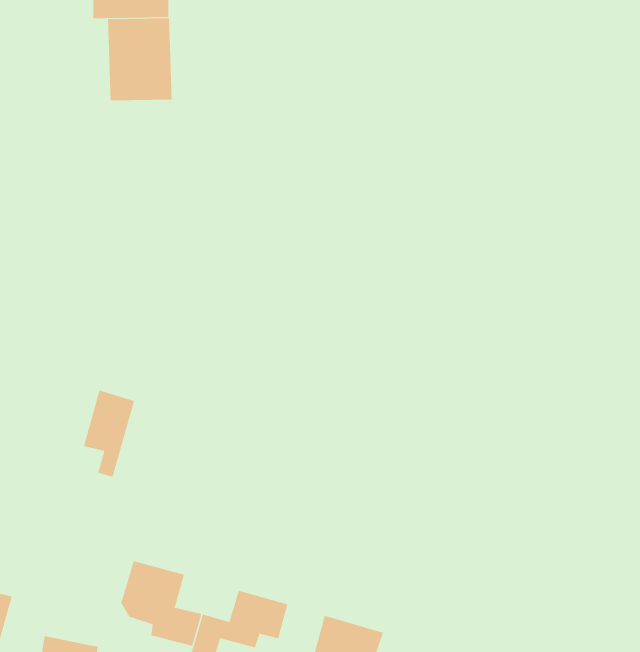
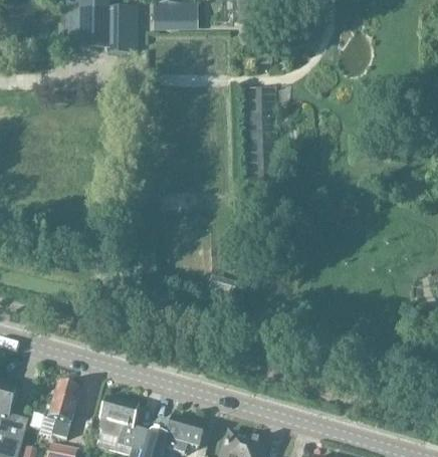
building: [107,17,172,101] -> none
building: [83,390,135,478] -> [46,383,79,439]

